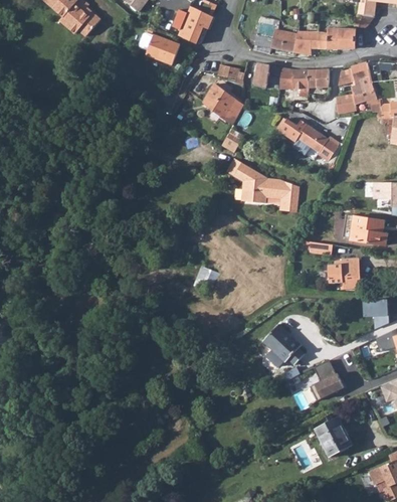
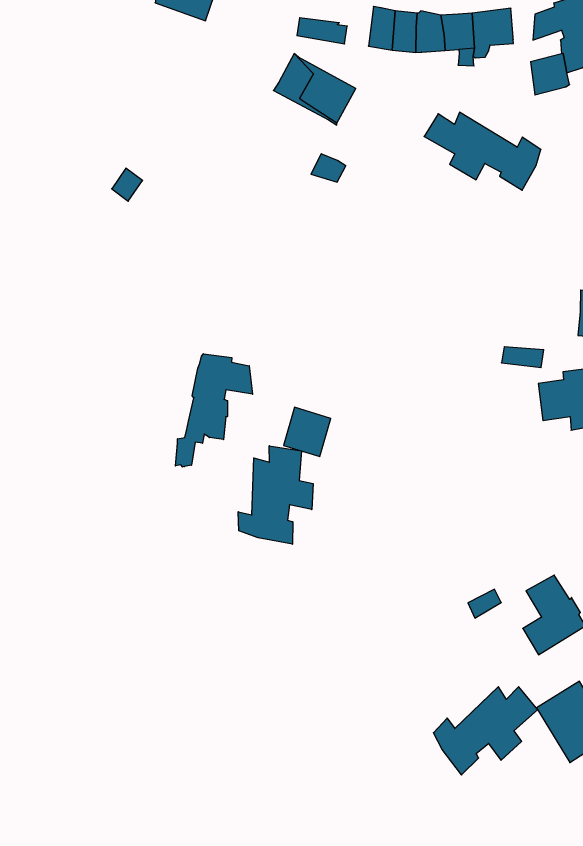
building: [224,159,296,211] -> none
building: none -> [175,354,253,467]
building: none -> [238,446,313,544]
building: [261,322,302,361] -> none
building: none -> [433,687,538,775]

